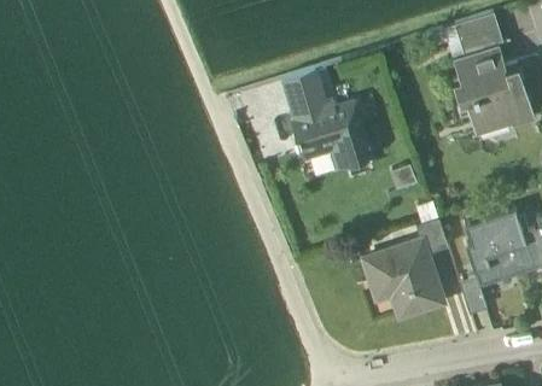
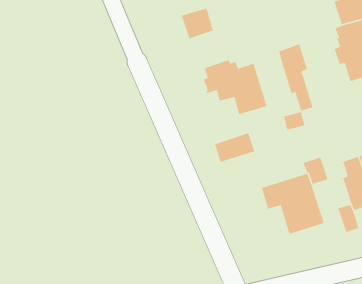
building: [282,69,324,109] -> [181,8,214,39]
building: none -> [278,43,313,111]
building: none -> [214,132,255,163]

